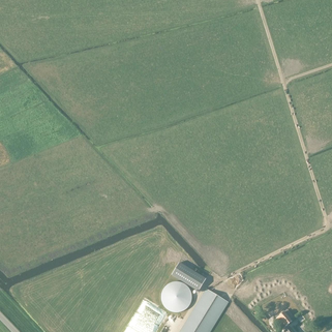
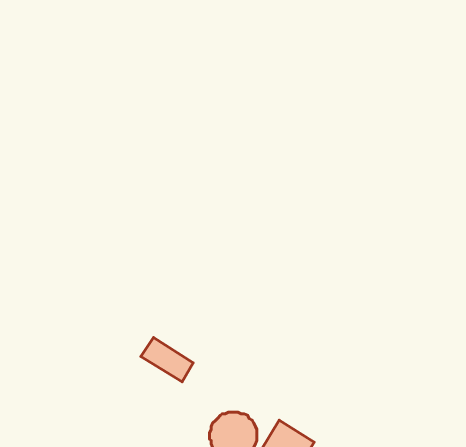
building: [171,262,205,291] -> [141,337,193,382]

